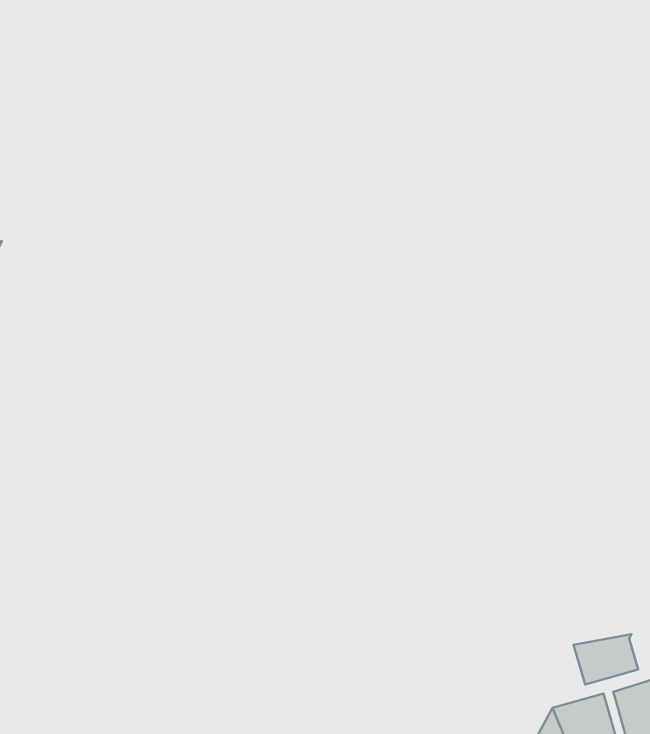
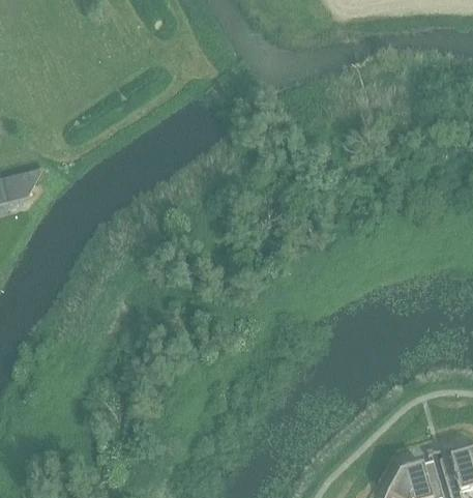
building: [574,634,638,685] -> none

